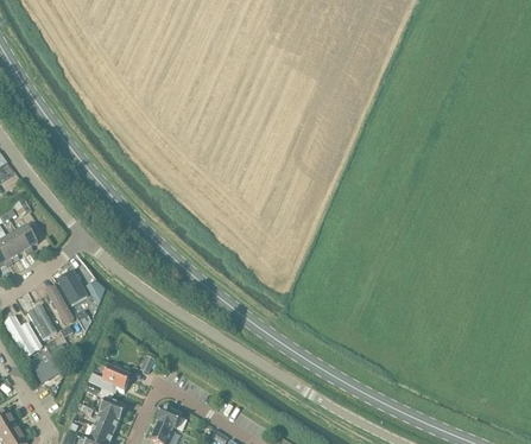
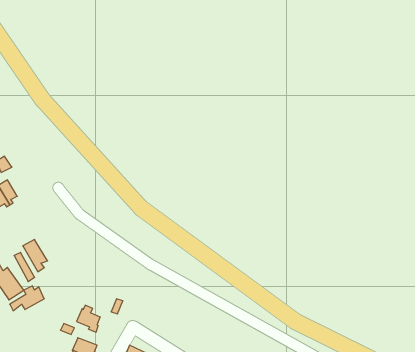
building: [56,271,95,312] -> none

